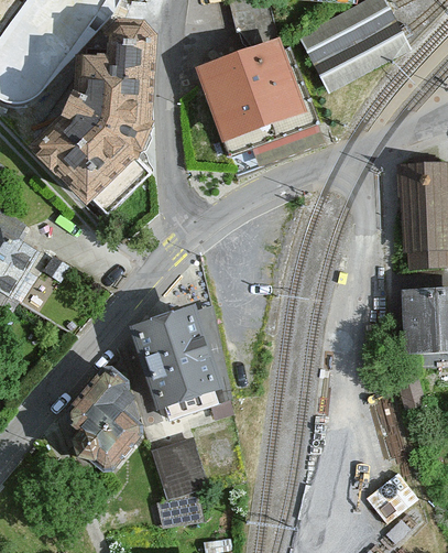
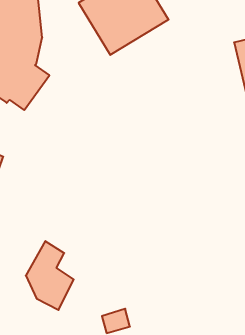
building: [130,307,222,418] -> none
building: [151,429,205,485] -> none

